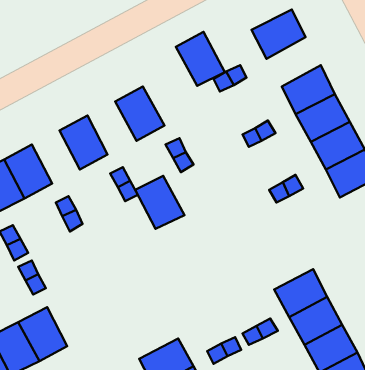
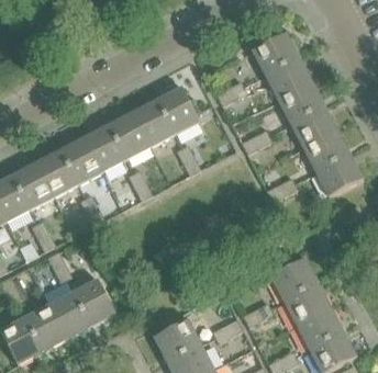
building: [176,32,225,86] -> [157,87,200,134]
building: none -> [265,57,312,100]
building: none -> [60,138,102,184]
building: [135,176,184,229] -> [109,113,152,159]
building: none -> [74,279,115,326]

